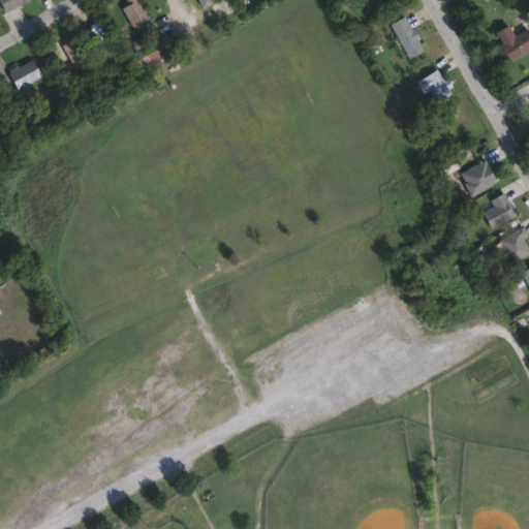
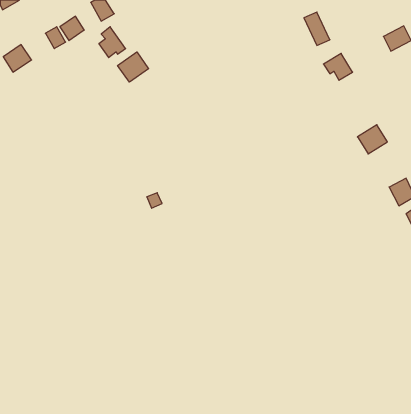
building: none -> [118,52,149,82]
building: [480,193,518,228] -> none

